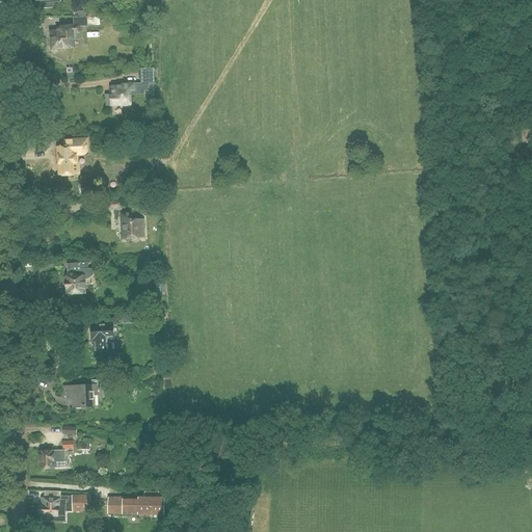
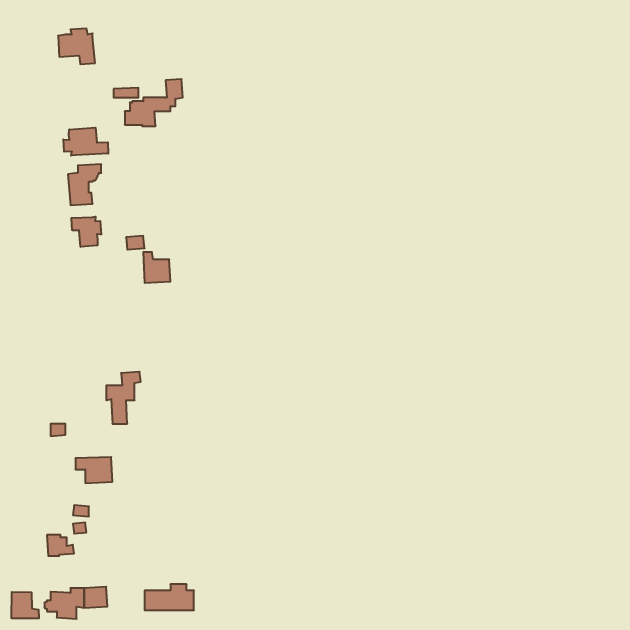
building: none -> [63,128,108,156]
building: none -> [71,217,101,247]
building: [65,259,92,296] -> none
building: none -> [12,592,39,618]

